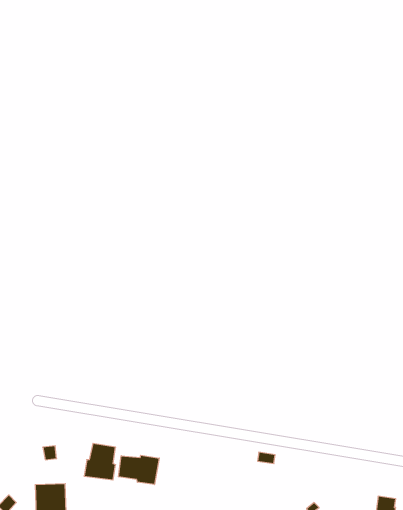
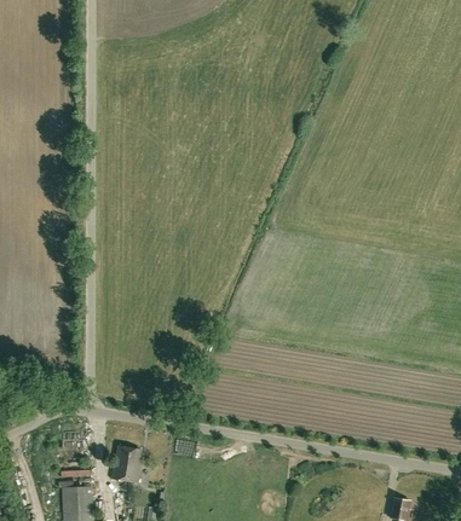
building: [118,455,159,485] -> none

